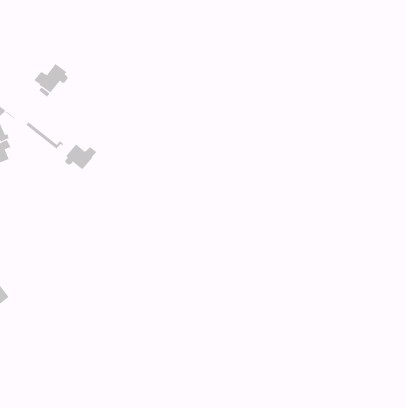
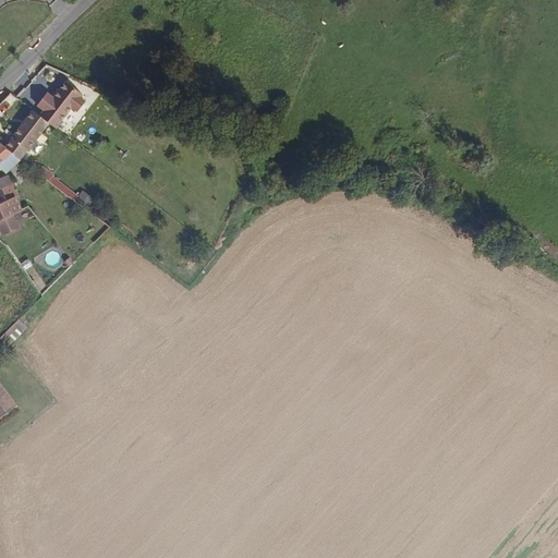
building: none -> [8,107,46,148]
building: [65,144,97,170] -> none

